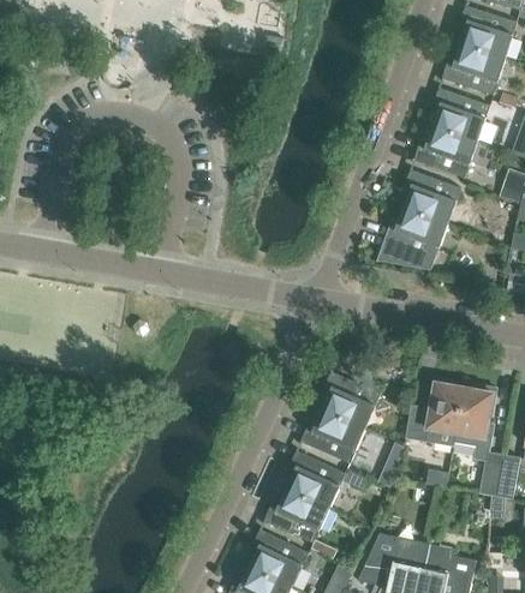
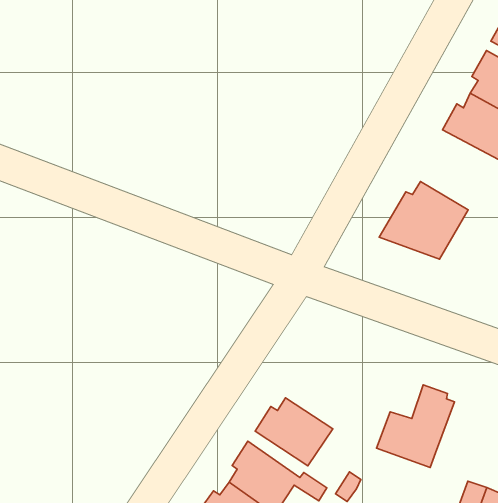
building: [402,169,463,224] -> none
building: [322,372,382,429] -> none
building: [457,384,495,453] -> none

